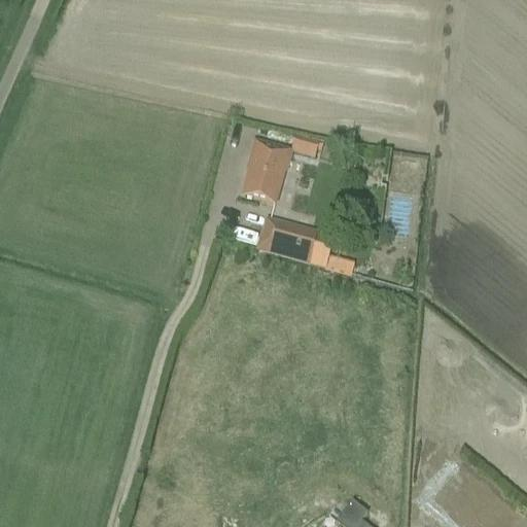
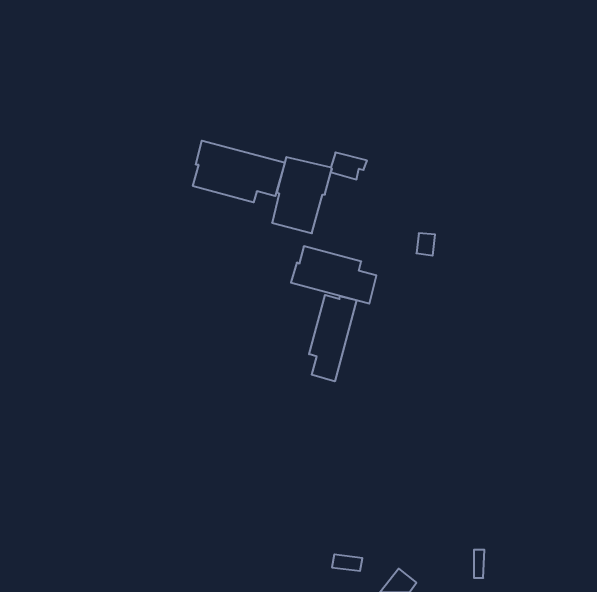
building: none -> [193,141,285,202]
building: none -> [309,295,357,381]

